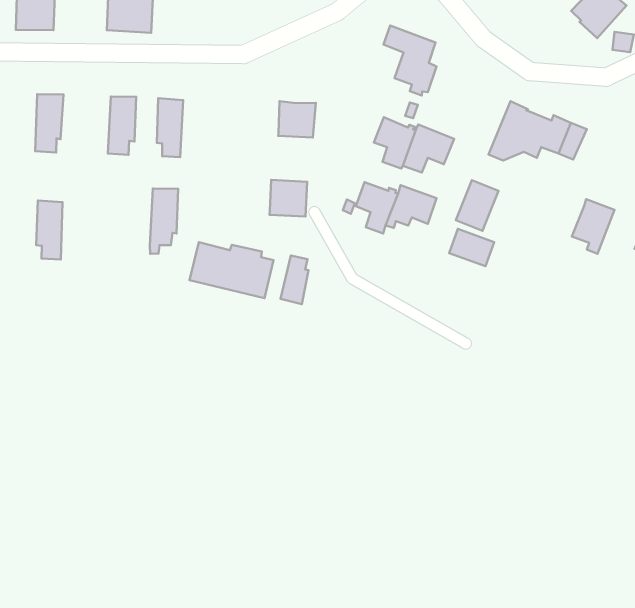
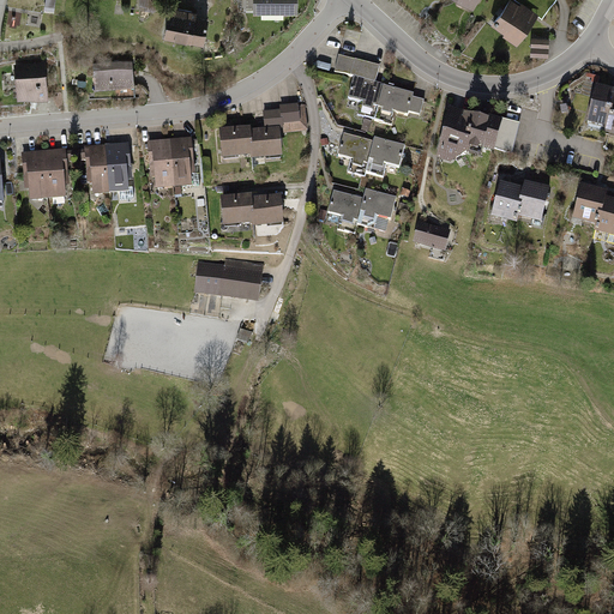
building: none -> [377,82,422,115]
building: none -> [264,104,299,130]
building: none -> [84,144,109,194]
building: none -> [219,127,253,158]
building: none -> [222,194,254,227]
building: [456,180,499,231] -> [489,180,523,222]
building: [150,188,178,254] -> [168,137,193,195]
building: [36,200,63,259] -> [20,150,47,200]
building: [280,256,308,304] -> none

